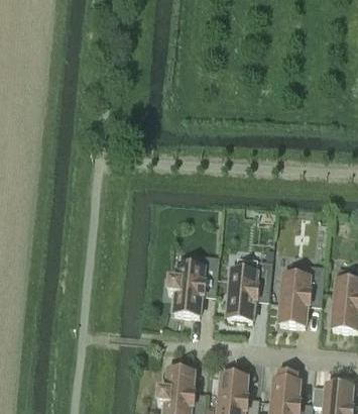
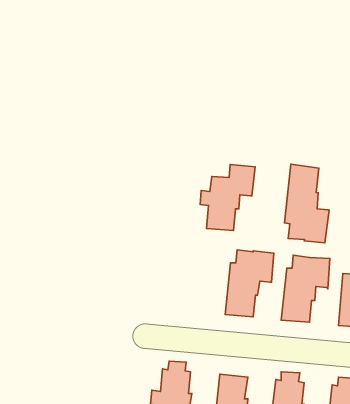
building: none -> [285,164,329,243]
building: [167,254,219,316] -> [200,165,255,231]

